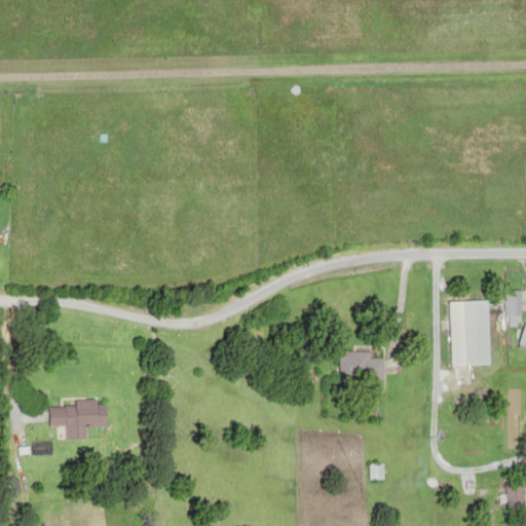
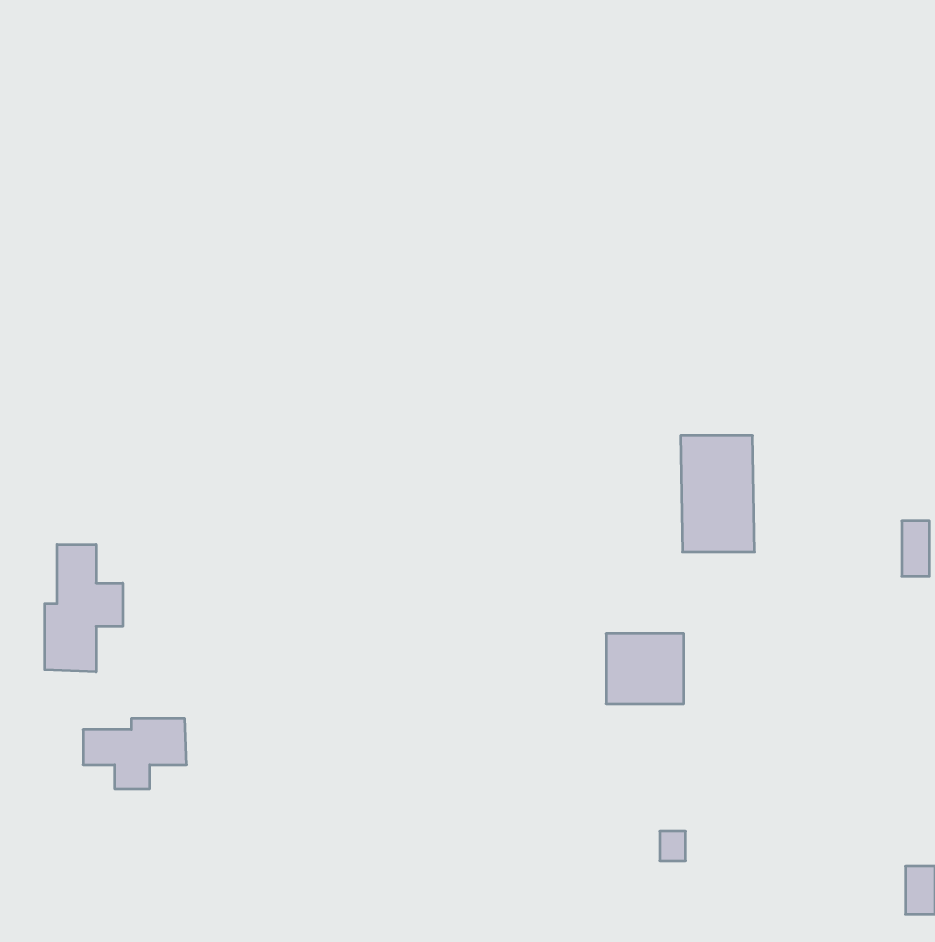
building: [447,300,488,365] -> [681,436,755,552]
building: none -> [45,544,123,672]

